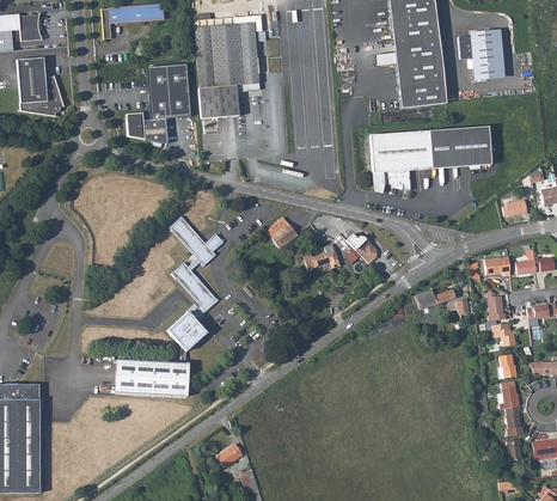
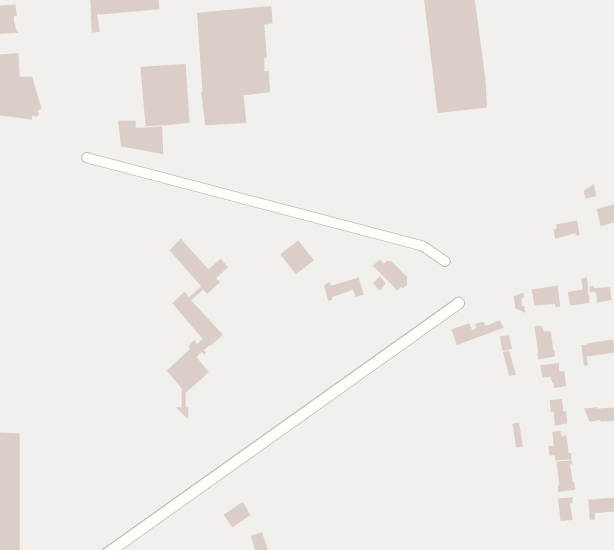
building: [459,28,502,75] -> none
building: [372,124,492,189] -> none
building: [115,360,189,393] -> none

